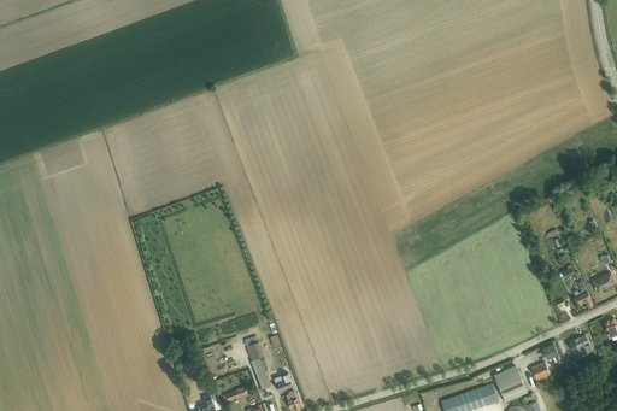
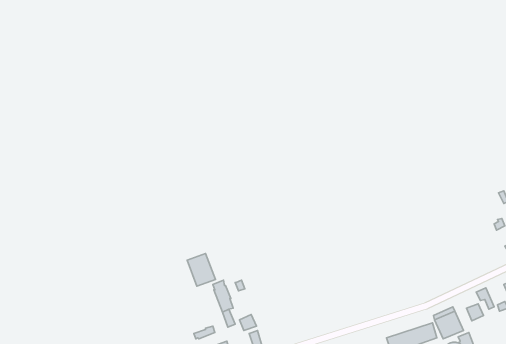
building: none -> [187,254,216,286]

